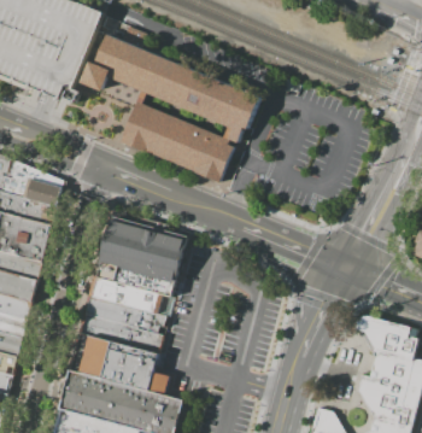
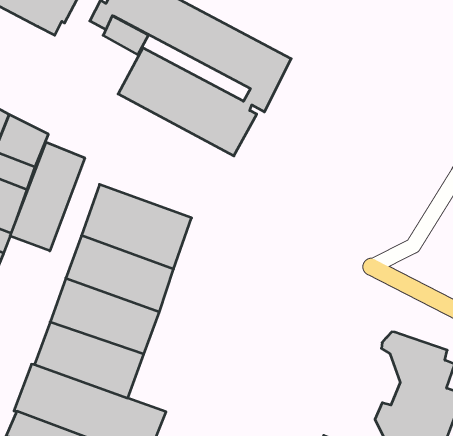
building: none -> [10,142,85,251]

